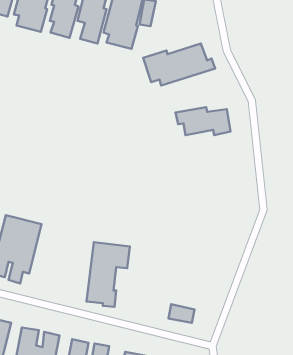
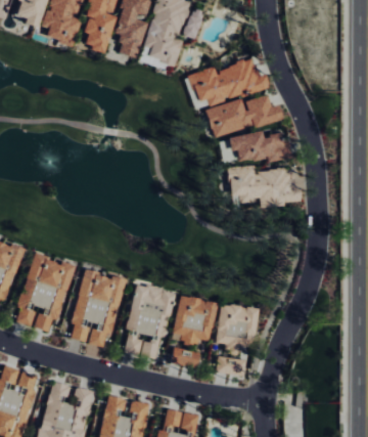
building: none -> [205,94,285,138]
building: none -> [228,166,304,208]
building: none -> [72,270,123,347]
building: none -> [173,296,217,345]
building: none -> [217,304,259,351]
building: none -> [172,349,200,366]

